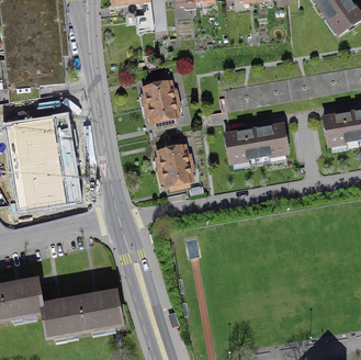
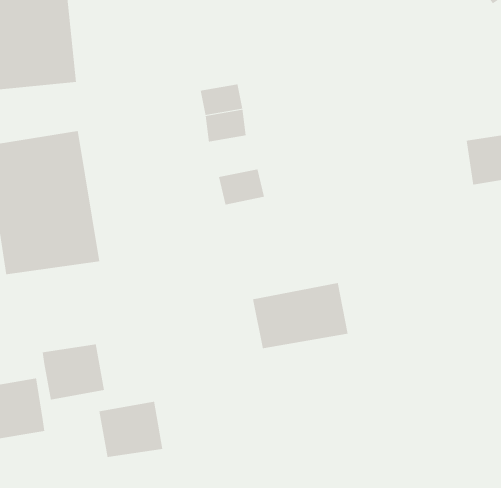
building: [225,123,289,167] -> [252,282,348,349]
building: [162,156,193,180] -> none
building: [43,297,84,335] -> [42,344,105,400]

